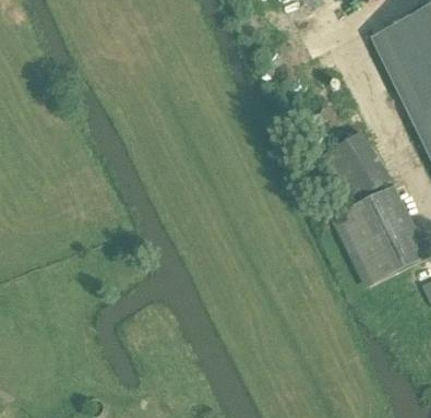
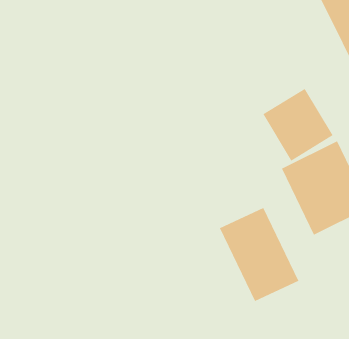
building: none -> [219,207,299,302]

